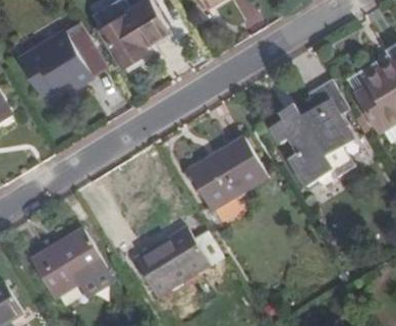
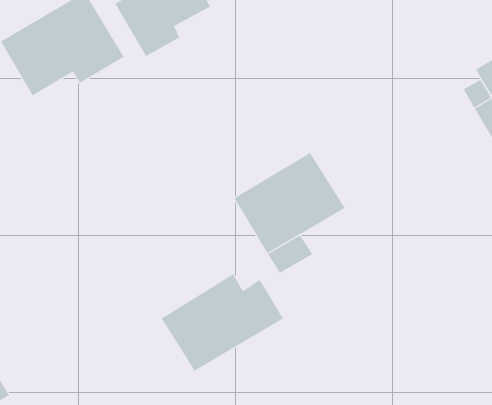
building: [269,79,355,188] -> none
building: [32,230,105,298] -> none

